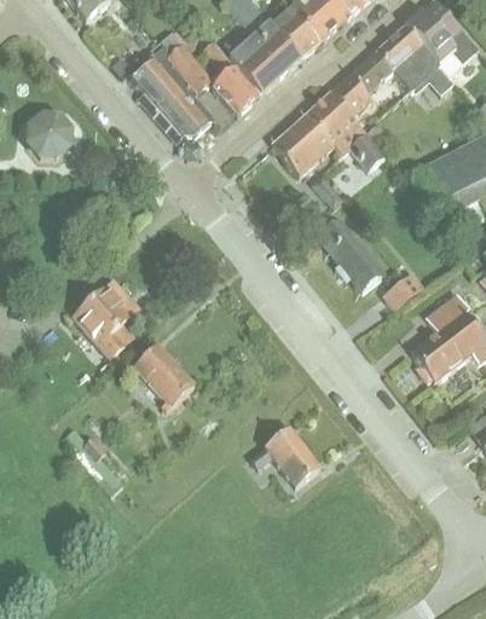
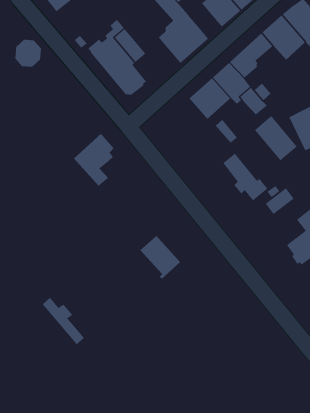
building: [272,8,319,58] -> none
building: [203,40,260,116] -> none
building: [29,117,68,157] -> [15,39,42,67]
building: none -> [254,115,297,161]
building: [74,280,133,357] -> [73,133,115,186]
building: [134,346,193,410] -> [139,235,181,280]
building: [251,429,319,486] -> none

